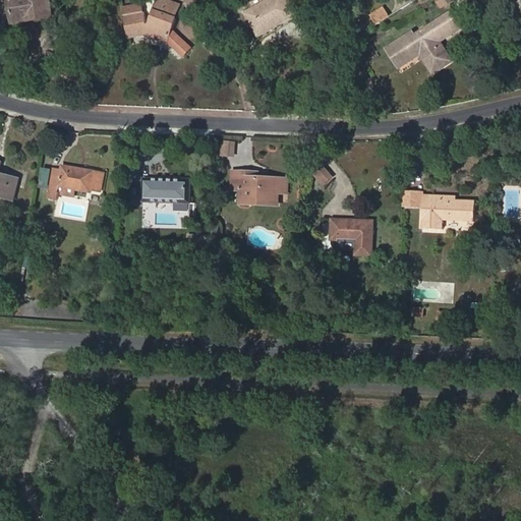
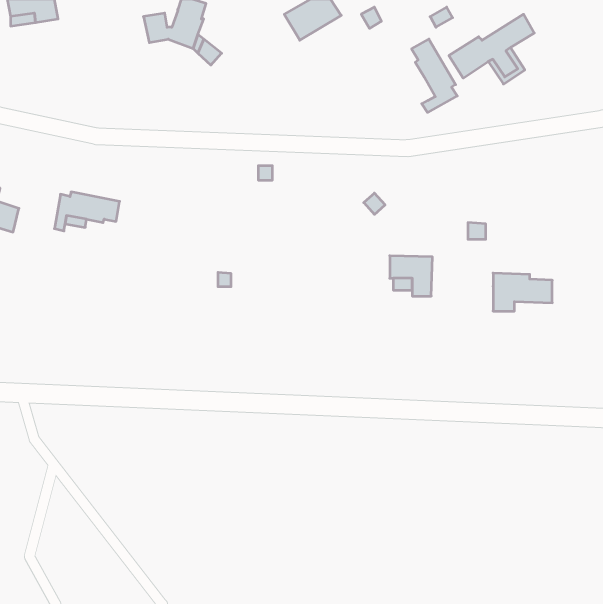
building: none -> [412,39,457,112]
building: [230,170,288,205] -> none
building: [140,177,189,202] -> none
building: [422,194,473,227] -> [493,273,552,311]

